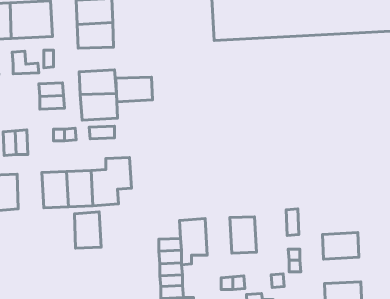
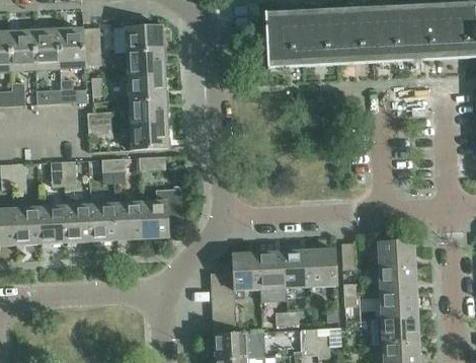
building: [116,77,152,102] -> [128,75,165,100]
building: none -> [378,239,415,268]
building: [75,212,101,248] -> [65,204,92,241]
building: none -> [309,248,336,286]
building: none -> [258,250,286,289]
building: none -> [380,291,418,318]

